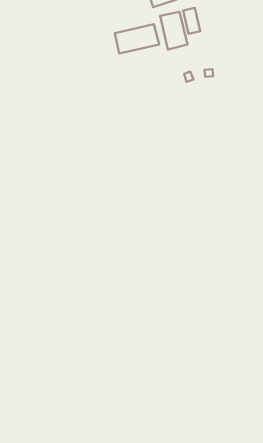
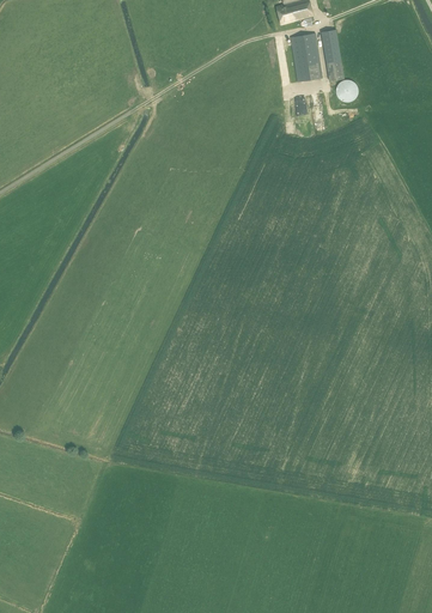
building: [115,24,159,54] -> none

